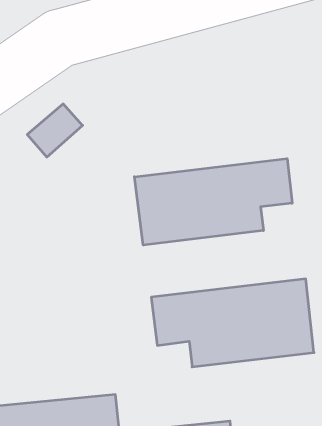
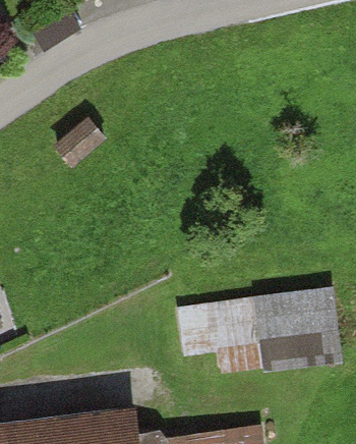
building: [134,159,292,245] -> none

